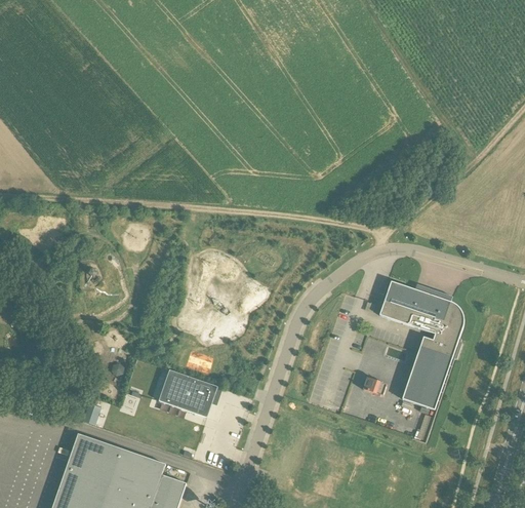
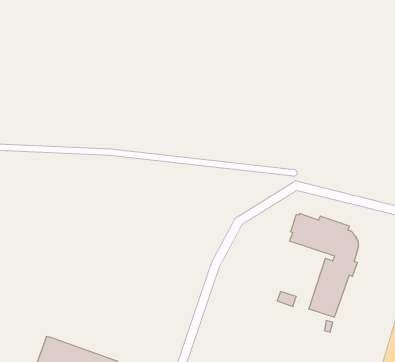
building: [159,370,218,418] -> none

